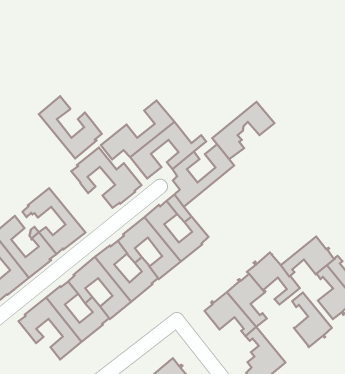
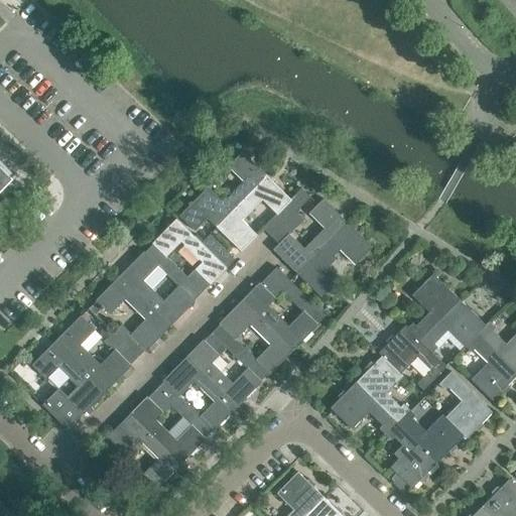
building: [39,96,102,158] -> [120,250,202,326]
building: [212,102,274,159] -> [297,222,373,297]
building: none -> [406,273,460,340]
building: none -> [397,408,464,461]

